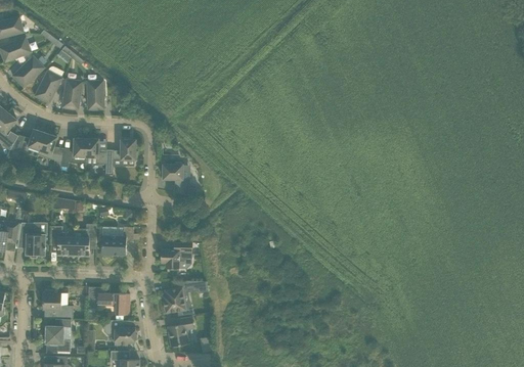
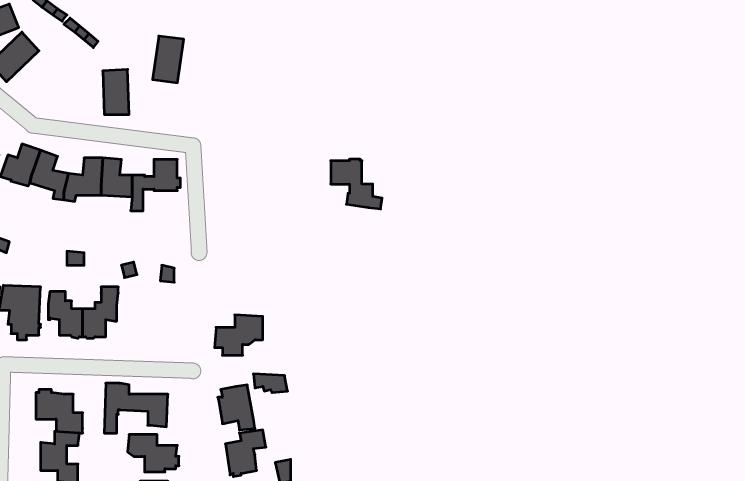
building: [34,66,62,103] -> none
building: [61,79,82,109] -> [153,36,184,83]
building: [162,163,195,195] -> [331,159,382,209]
building: [100,227,133,257] -> none

